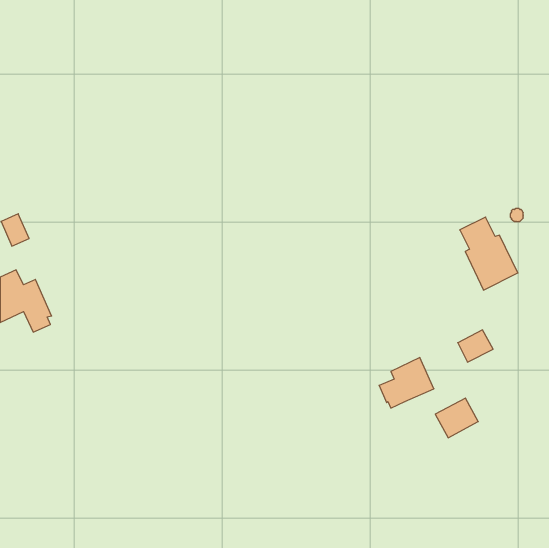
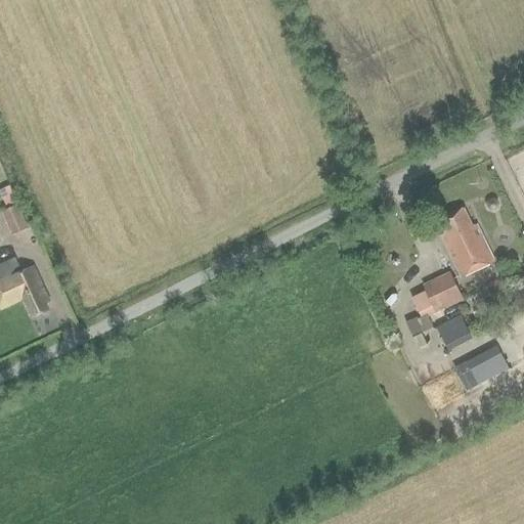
building: [379,358,434,408] -> [411,270,464,318]
building: [435,398,478,438] -> [467,346,508,384]

